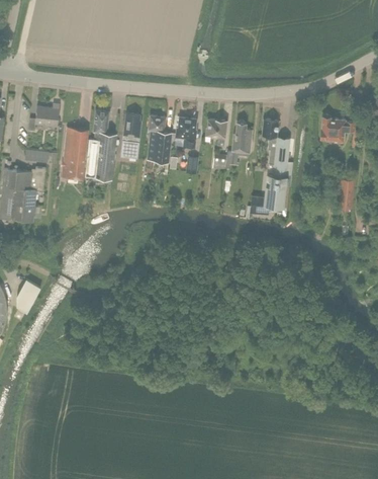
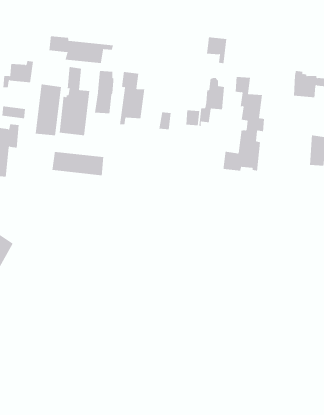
building: none -> [49,35,114,64]
building: [176,117,198,148] -> none
building: [206,118,227,146] -> [206,37,227,64]
building: none -> [52,151,104,176]

